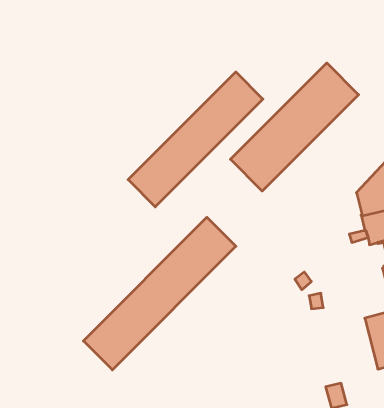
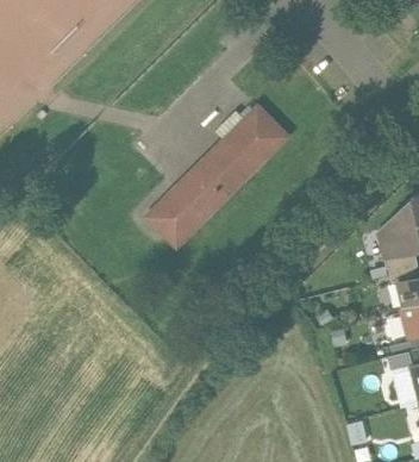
building: [230,63,359,191] -> none
building: [83,217,236,370] -> none

